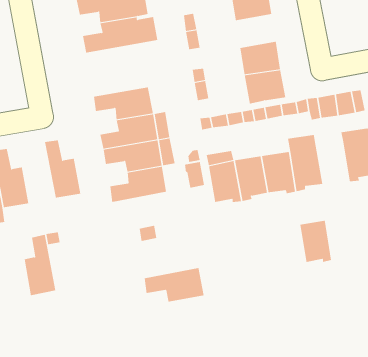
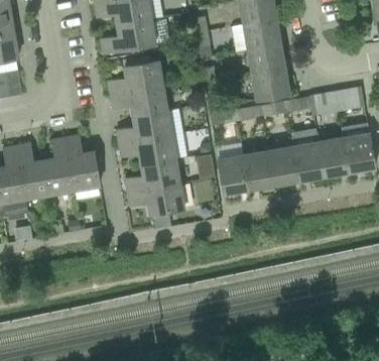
building: none -> [243,17,281,48]
building: none -> [108,62,162,94]
building: [299,220,332,262] -> [319,136,349,175]
building: [24,234,56,296] -> [45,136,76,194]
building: [144,267,205,302] -> [128,183,184,215]

